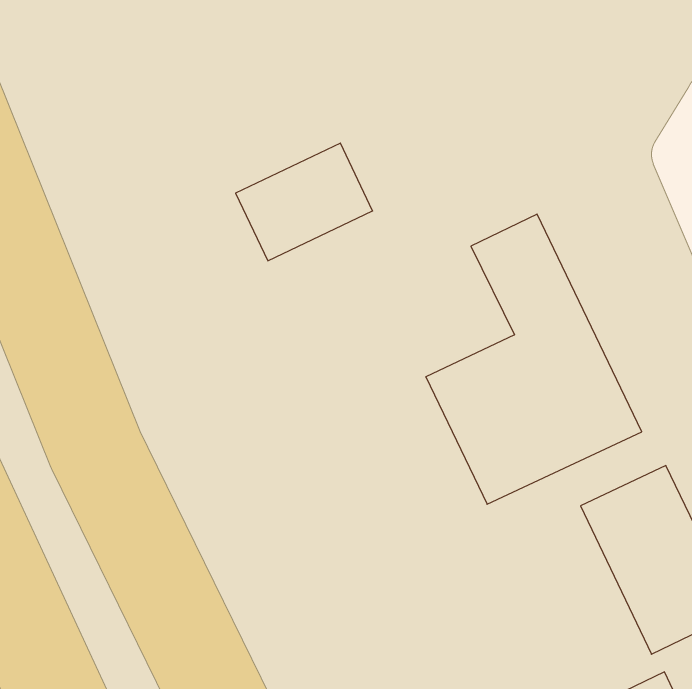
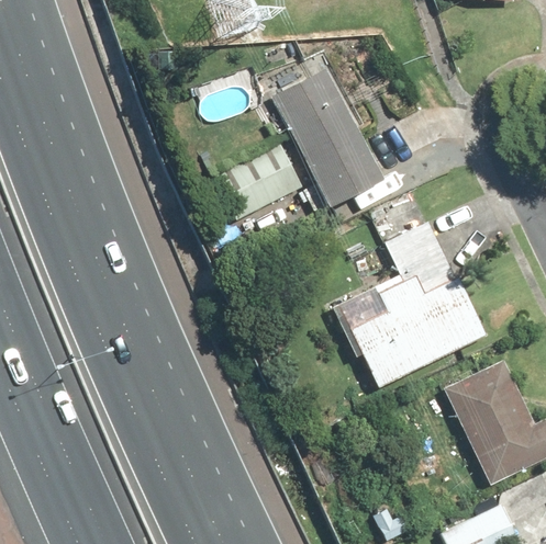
building: none -> [268,64,393,208]

